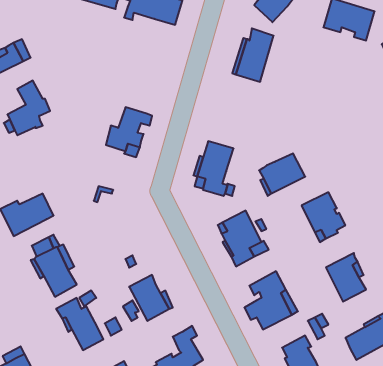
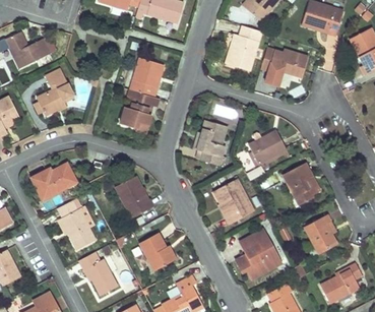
building: none -> [260,48,308,76]
building: none -> [130,57,164,97]
building: none -> [116,176,151,217]

